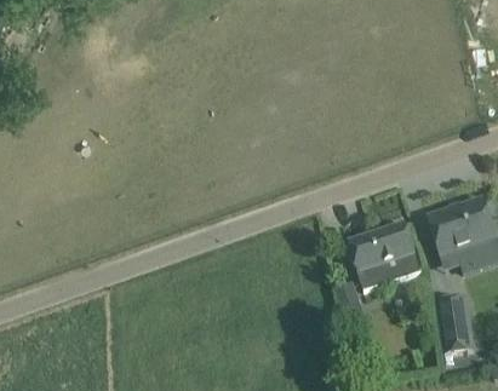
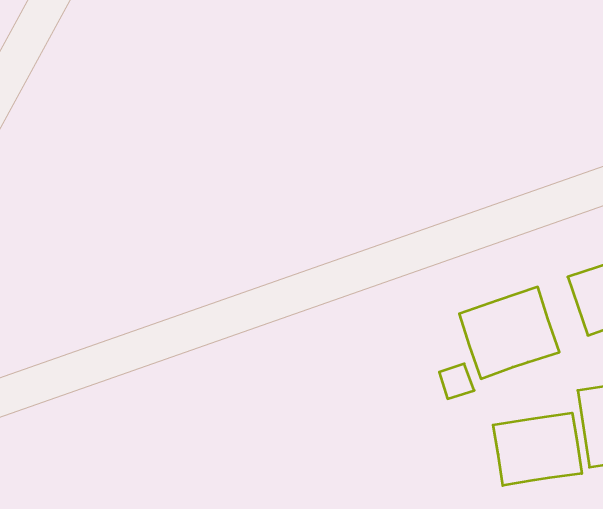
building: none -> [493,413,582,486]

